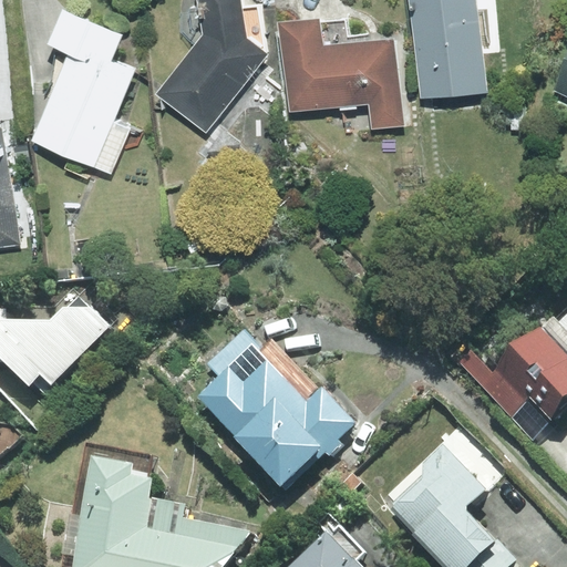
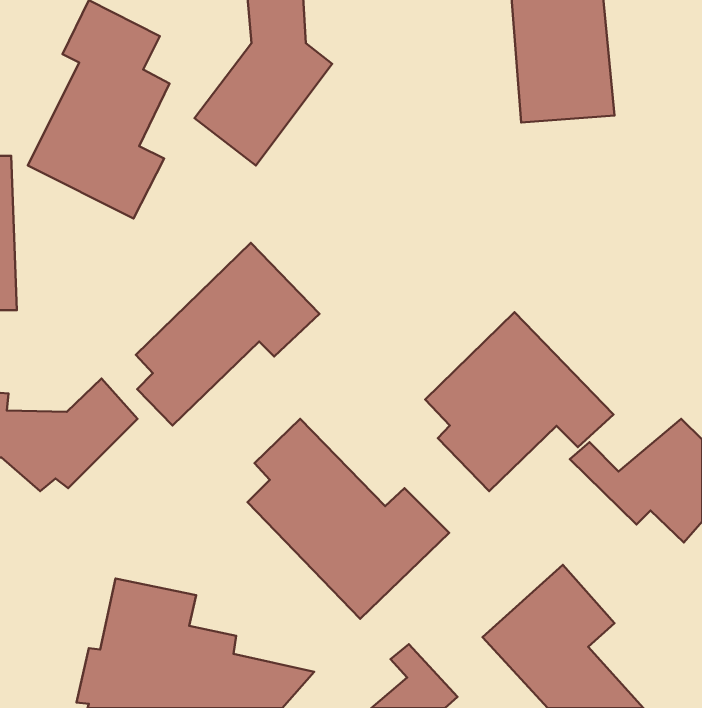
building: [280,16,403,128] -> none
building: none -> [136,243,319,426]
building: none -> [425,312,613,491]

